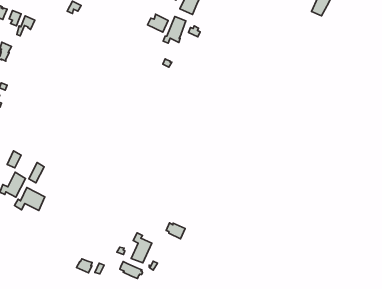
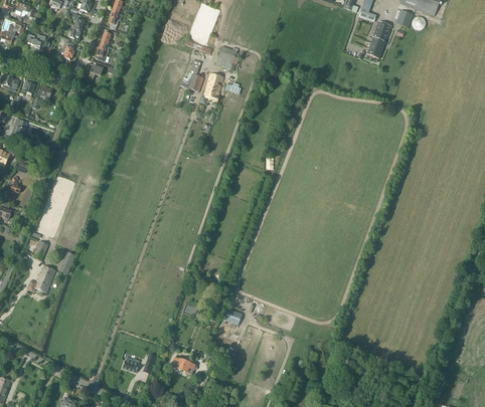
building: [15,188,45,211] -> none
building: [131,233,152,263] -> none

